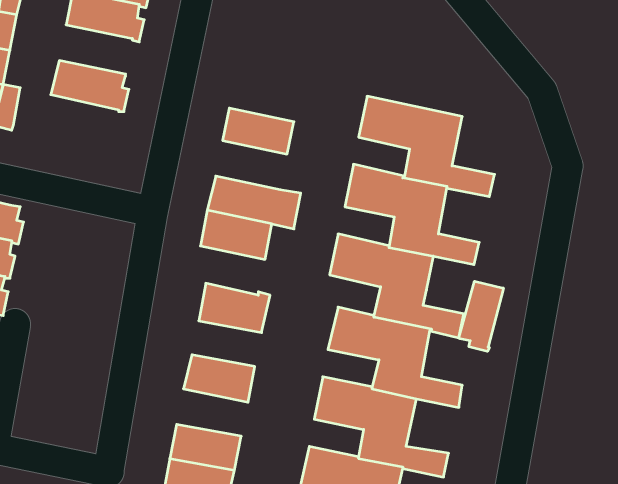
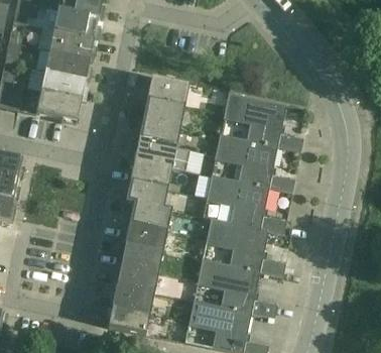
building: none -> [44,49,91,81]
building: none -> [145,78,188,107]
building: none -> [35,91,80,121]
building: none -> [137,118,179,147]
building: none -> [124,181,166,210]
building: [459,281,503,351] -> none
building: none -> [123,225,164,252]
building: none -> [114,265,156,293]

